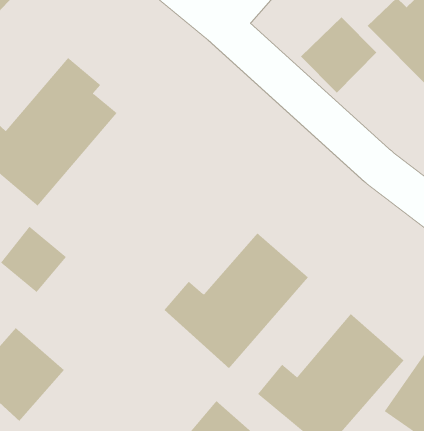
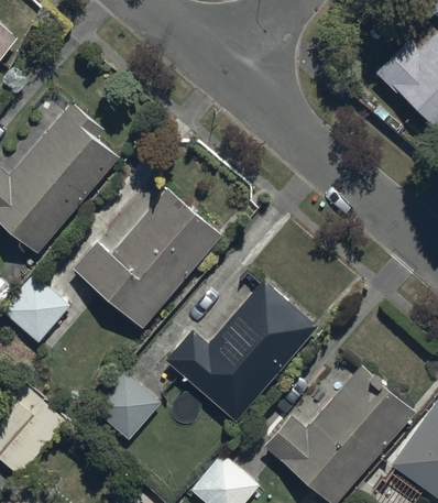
building: [300,17,377,94] -> none
building: none -> [72,190,220,328]
building: none -> [90,371,158,439]

